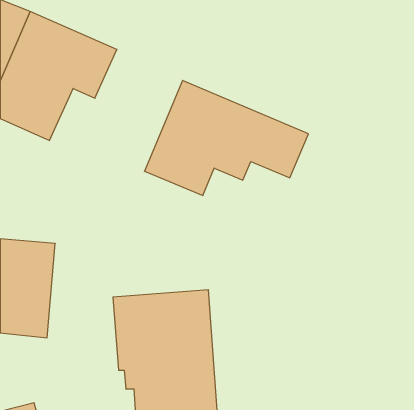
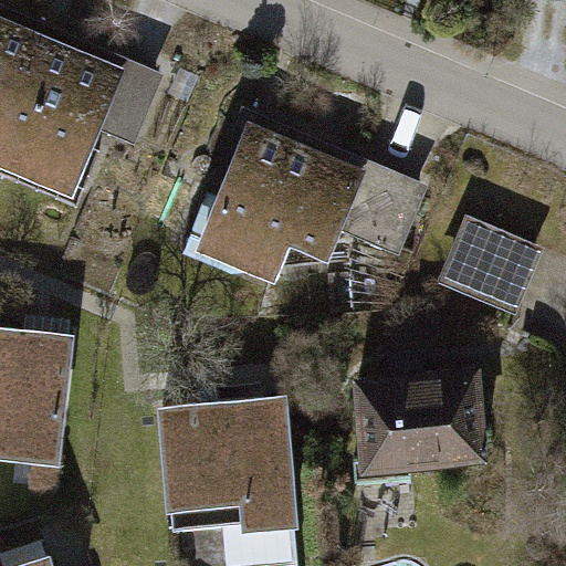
building: none -> [432,219,537,322]
building: none -> [346,371,480,488]

